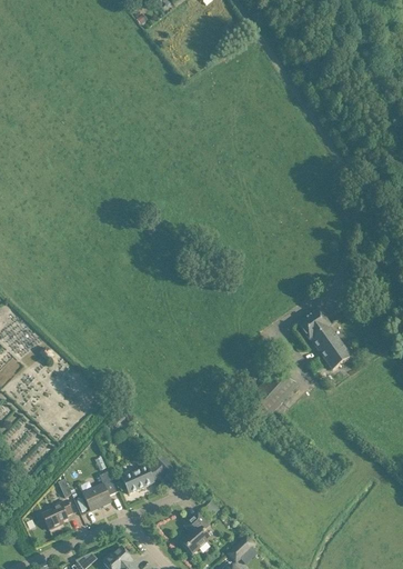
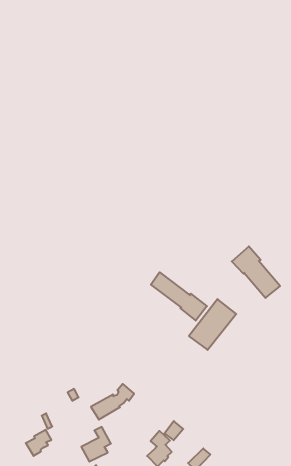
building: none -> [151,272,207,321]
building: [82,472,117,511] -> [81,427,111,462]

